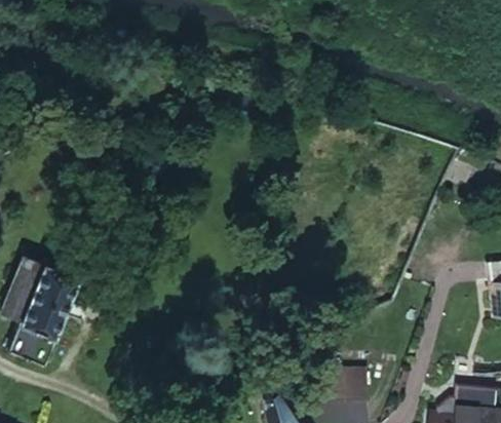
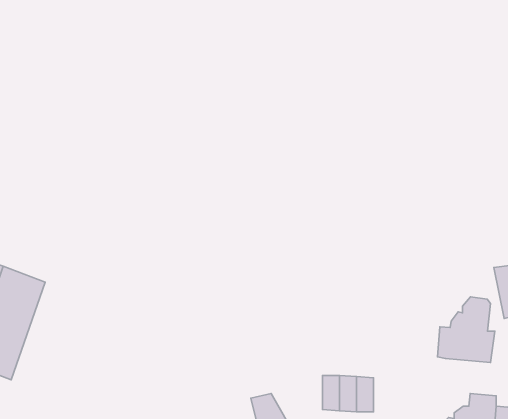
building: none -> [437,297,495,362]

